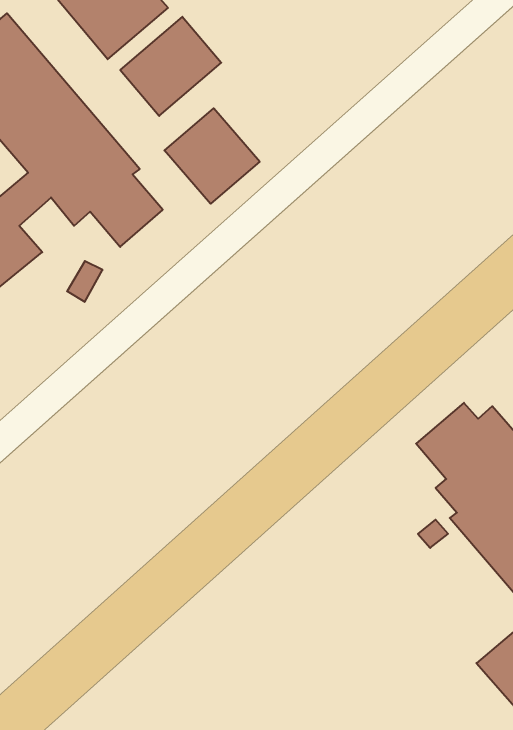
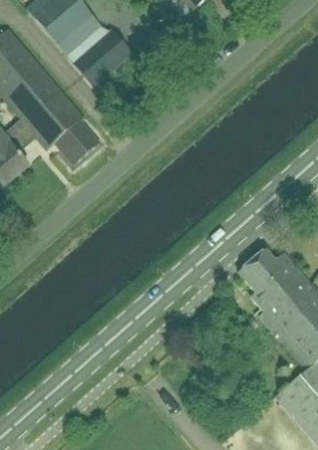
building: [164,108,260,204] -> none

